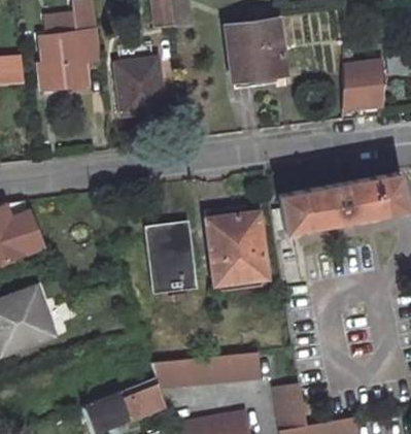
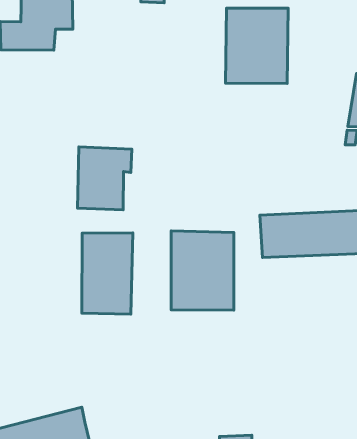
building: [117,60,164,115] -> [78,147,132,210]
building: [153,350,263,390] -> none

